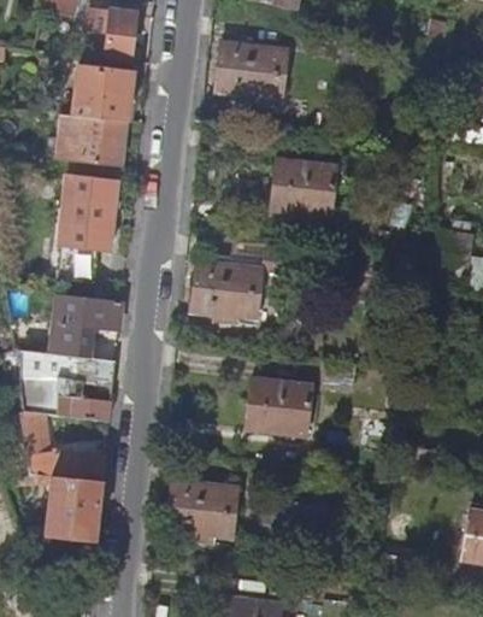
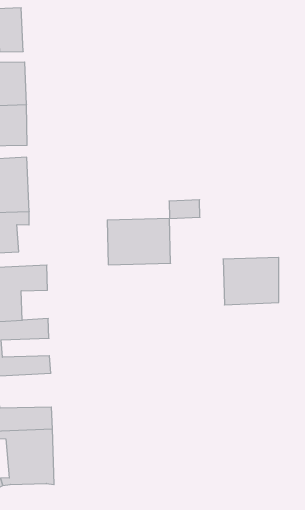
building: [216,41,288,98] -> none
building: [271,160,338,216] -> none
building: [247,377,314,434] -> [223,257,279,305]
building: [166,481,240,537] -> none

